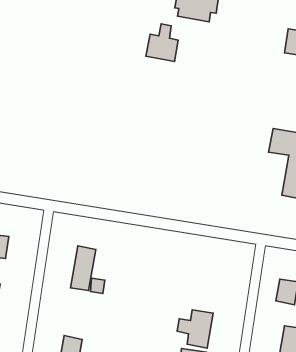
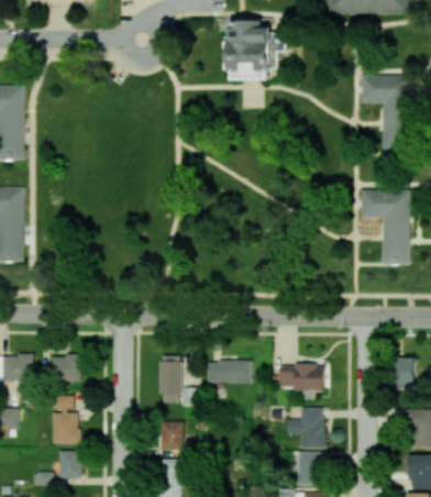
building: [146,24,178,61] -> none
building: none -> [207,361,252,383]
building: none -> [279,365,324,390]
building: none -> [162,422,184,451]

